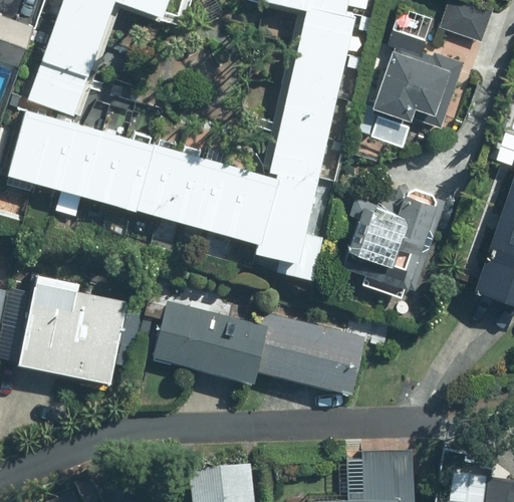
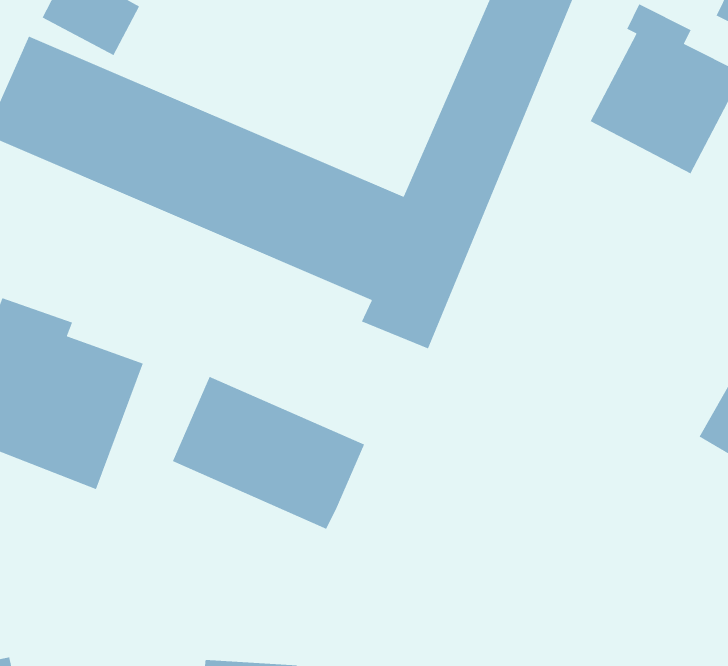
building: [345,187,445,297] -> none
building: [258,315,365,396] -> none

